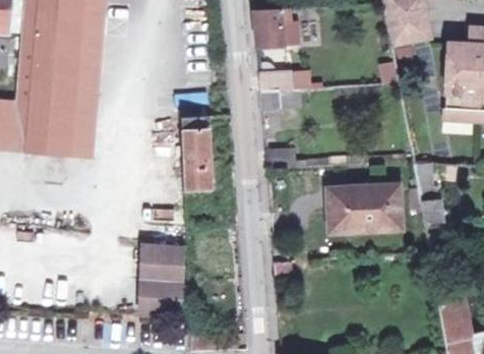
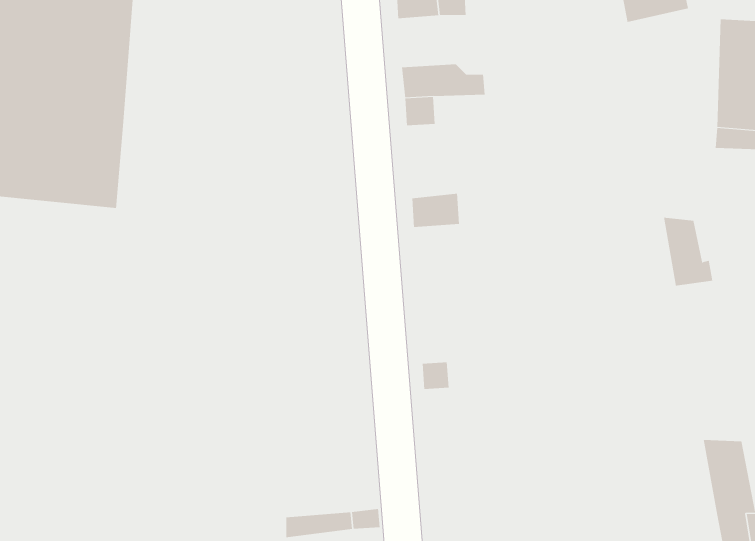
building: [182,117,207,191] -> none
building: [327,184,399,227] -> none
building: [140,245,183,316] -> none

